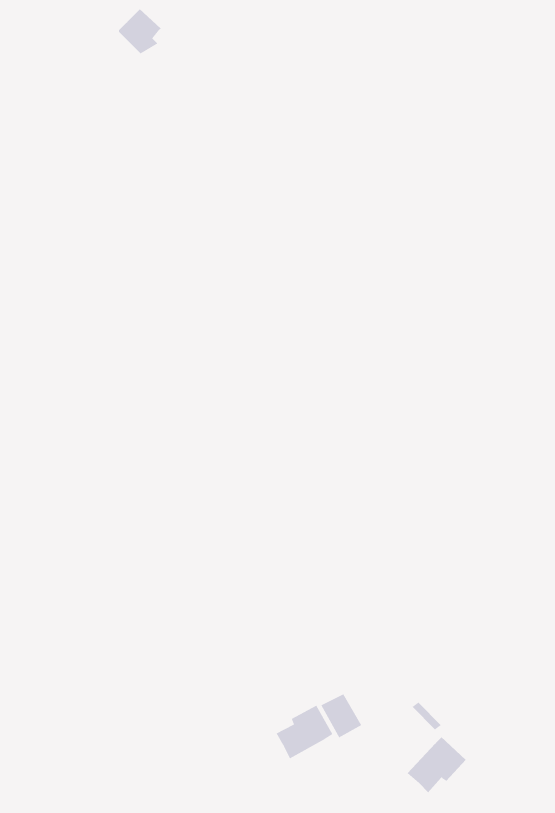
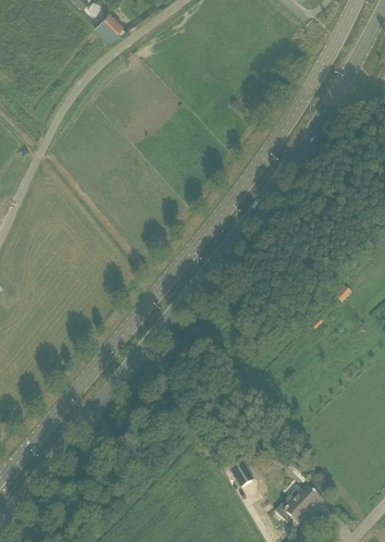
building: [276,705,333,759] -> none

